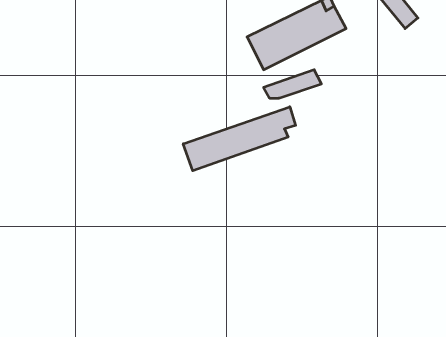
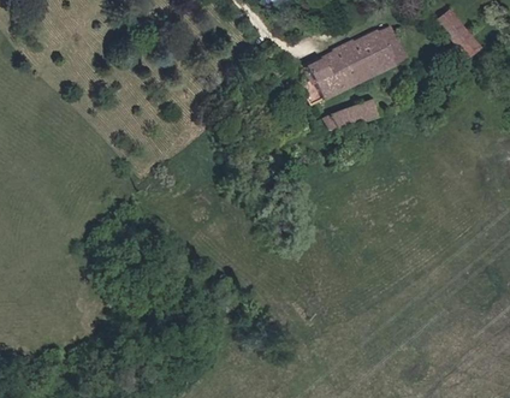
building: [183,107,296,171] -> none

